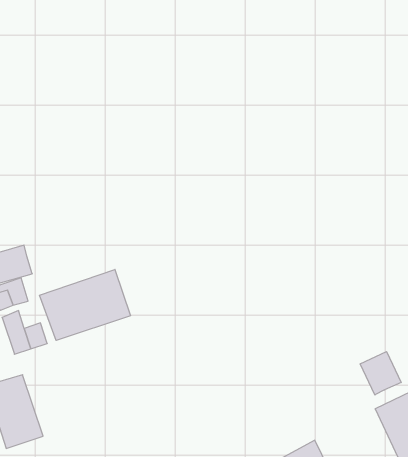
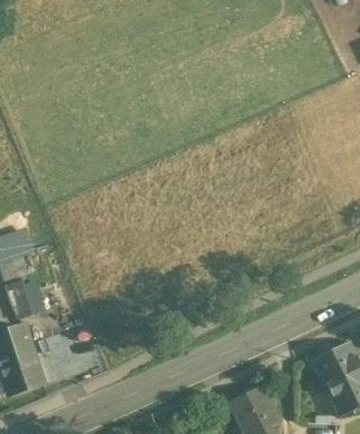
building: [39,269,130,340] -> none
building: [360,352,401,395] -> none

